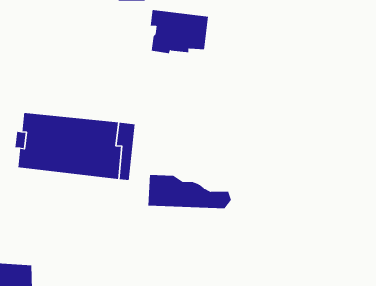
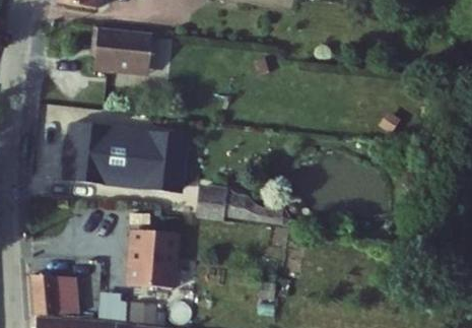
building: [150,9,209,54] -> [93,26,154,72]
building: none -> [129,228,180,286]

